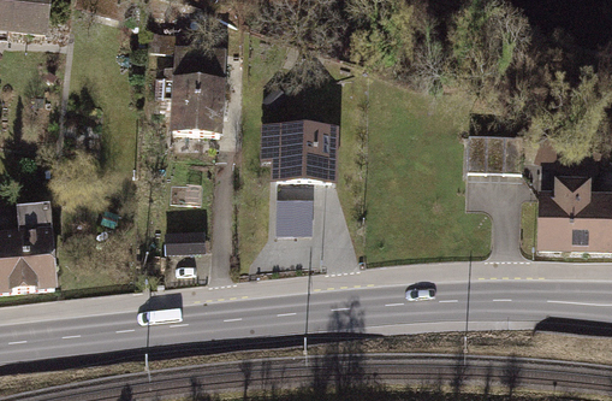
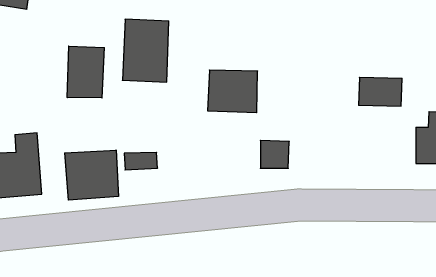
building: none -> [67,46,104,98]
building: [280,199,317,235] -> [260,140,289,168]
building: none -> [65,150,118,200]

